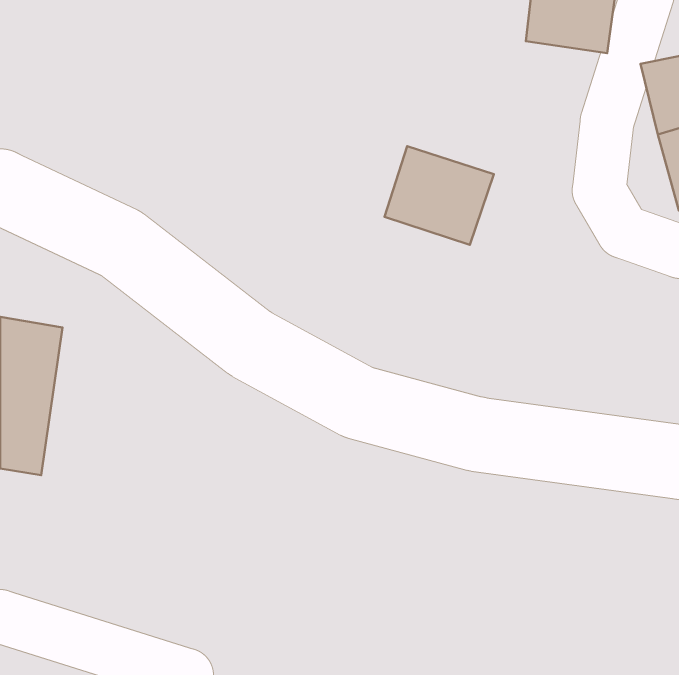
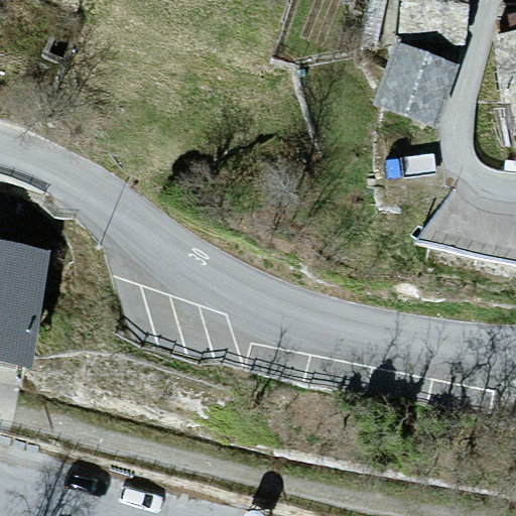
building: [385,146,494,245] -> [375,42,458,117]

